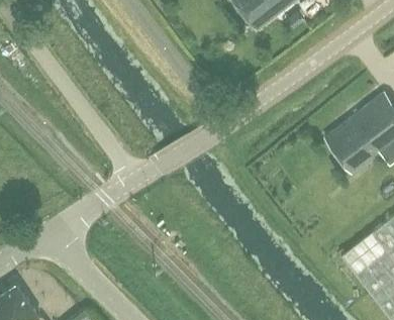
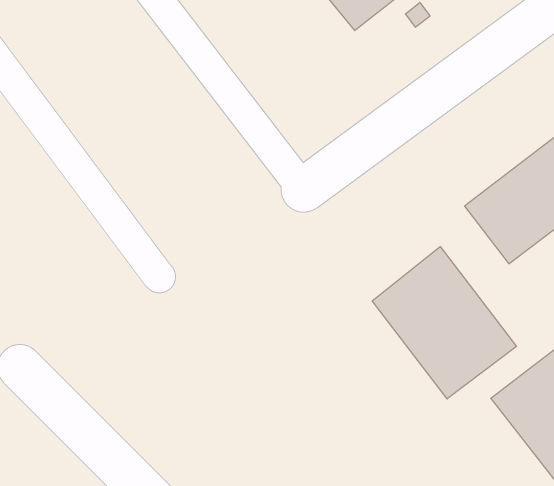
building: none -> [372,247,516,399]

